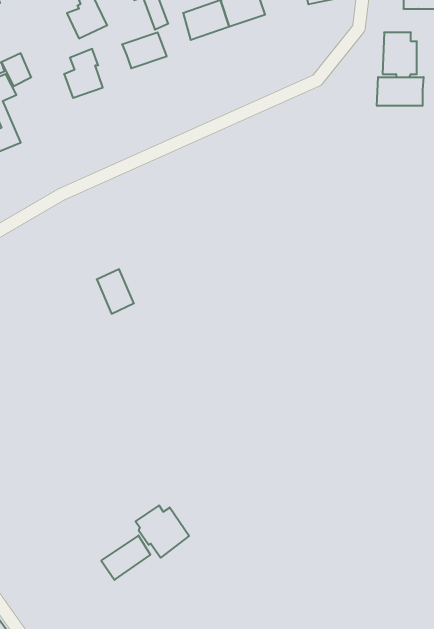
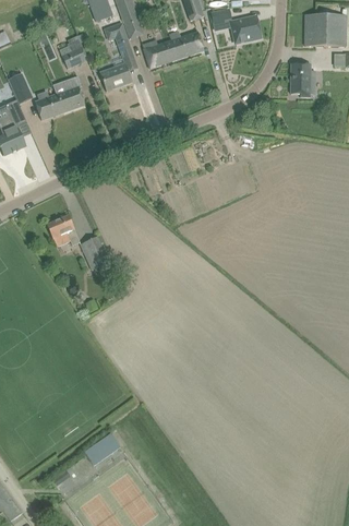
building: none -> [34,94,62,120]
building: [377,77,424,106] -> none
building: none -> [46,215,79,244]
building: [136,505,189,558] -> none

